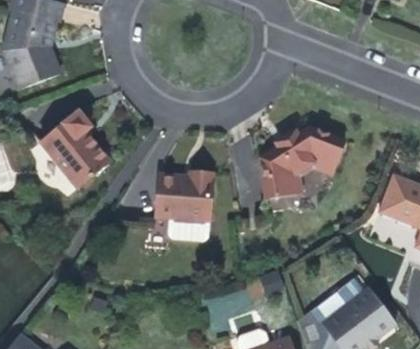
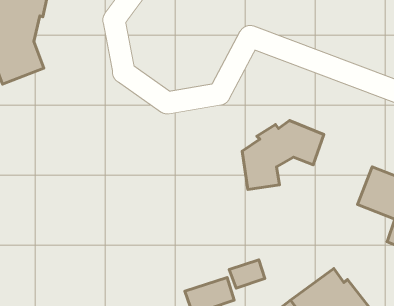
building: [41,111,109,185] -> none
building: [157,171,214,246] -> none

